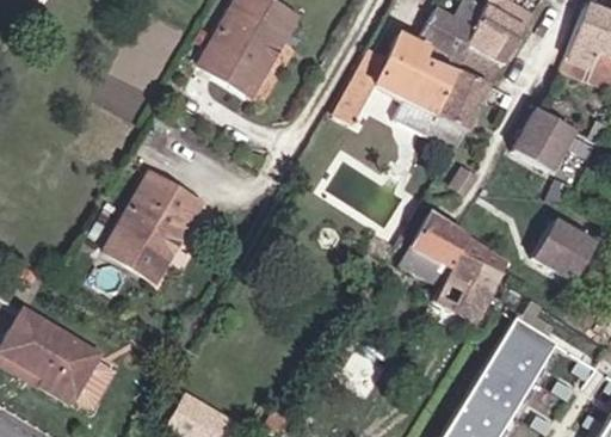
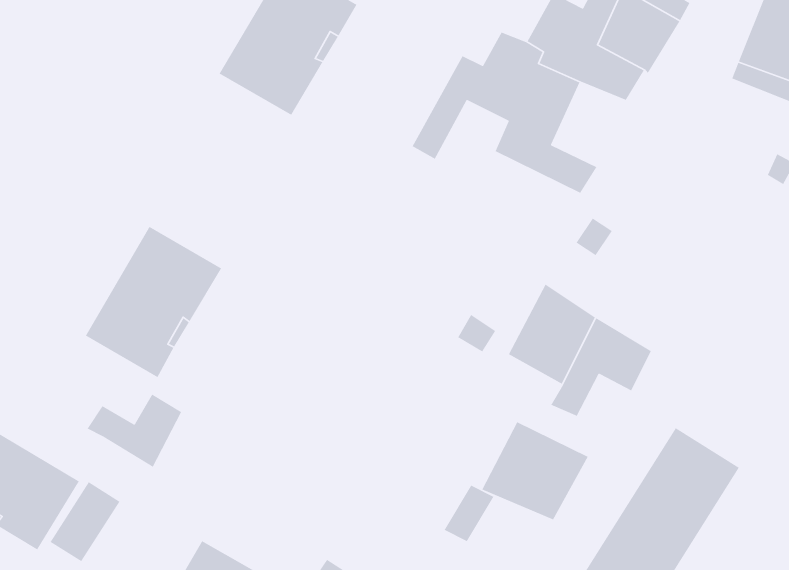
building: [433,70,486,130] -> none
building: [511,107,572,171] -> none
building: [531,218,593,281] -> none
building: none -> [87,393,182,468]
building: none -> [481,421,589,520]

